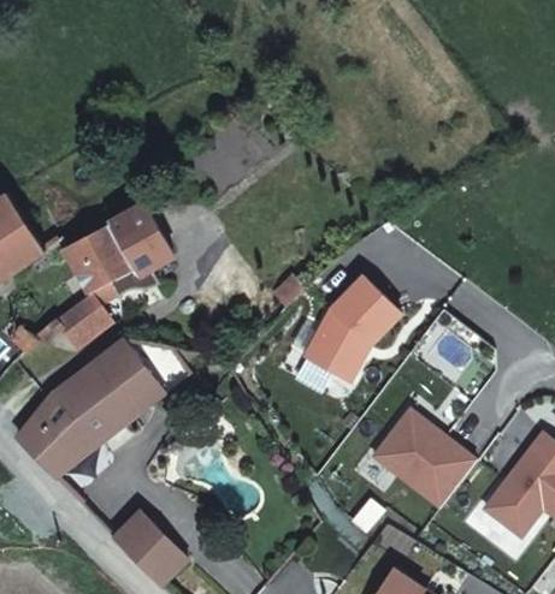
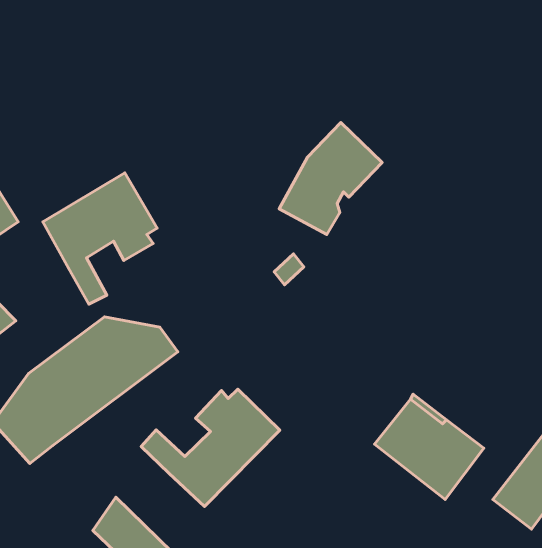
building: [303,278,400,382] -> [279,122,382,234]
building: [57,292,107,350] -> none
building: none -> [141,389,280,506]

